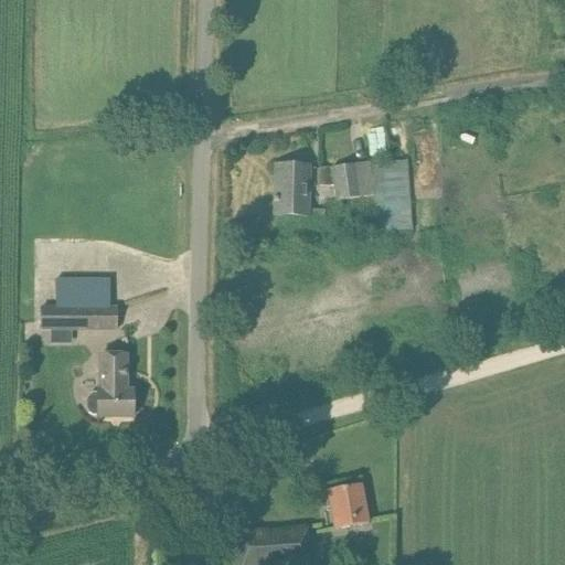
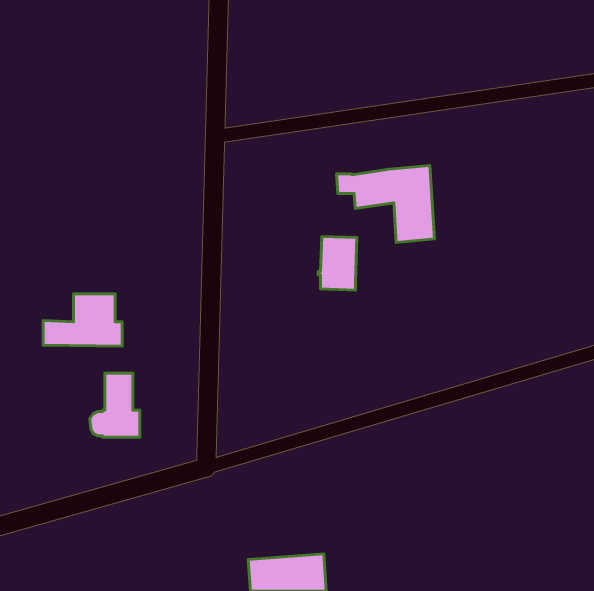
building: [274,162,310,213] -> [318,236,357,290]
building: [329,482,369,526] -> none

